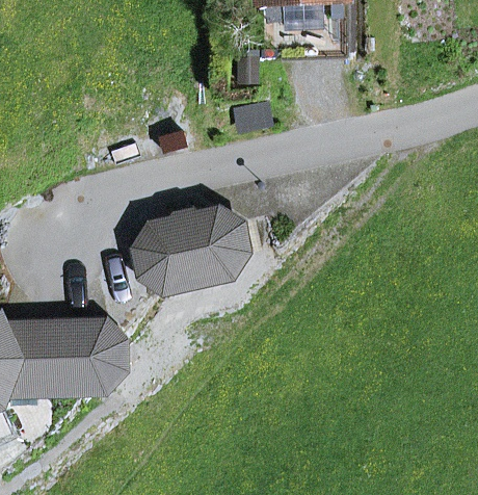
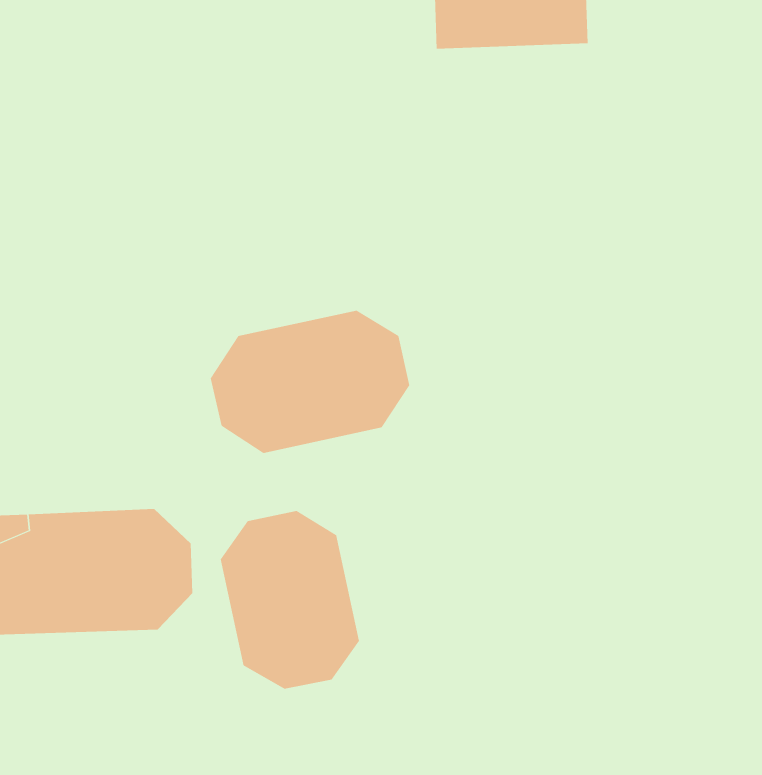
building: none -> [220,510,359,690]

